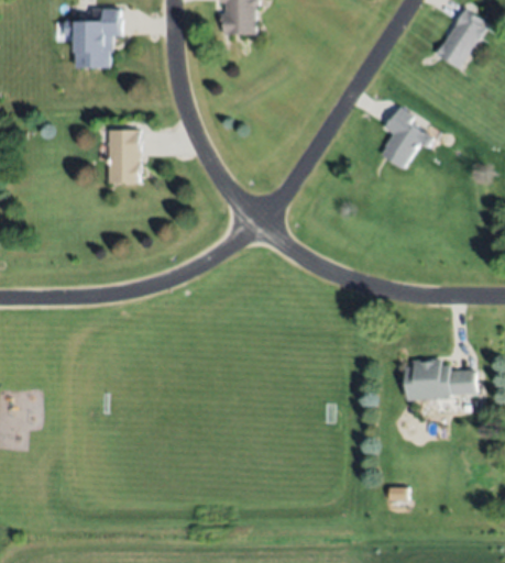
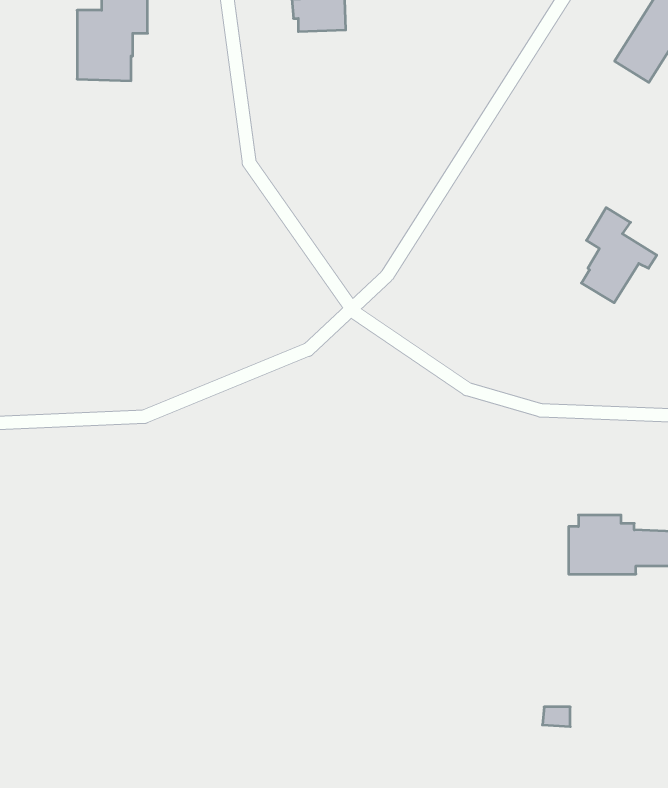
building: [381,106,431,169] -> [581,208,657,303]
building: [108,130,140,184] -> none

